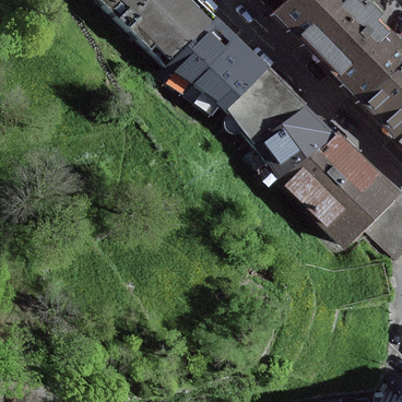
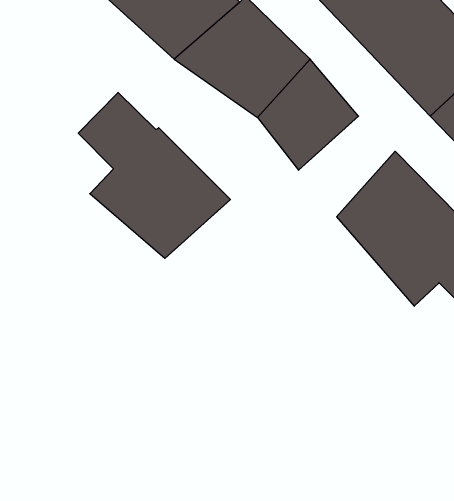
building: none -> [78,92,230,258]
building: [262,108,334,184] -> none

